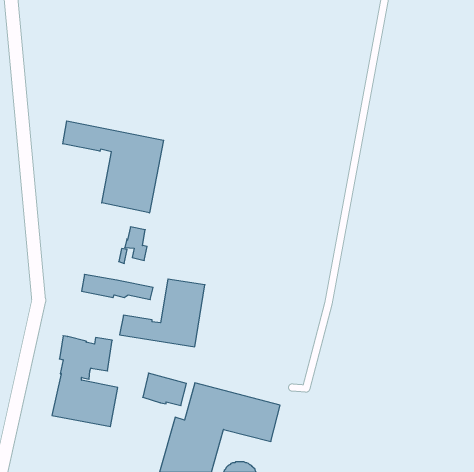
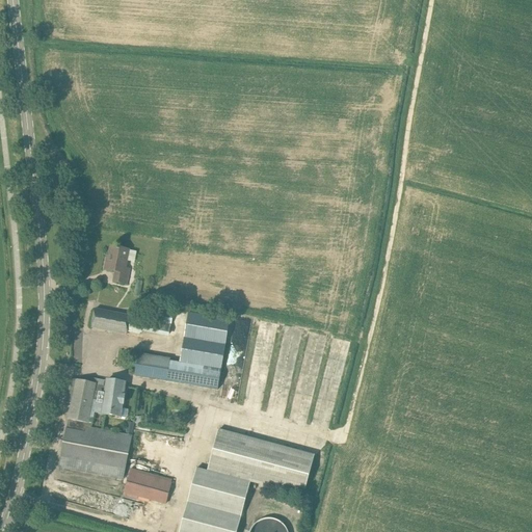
building: [63,121,164,213] -> none
building: [125,227,147,260] -> [105,245,130,283]
building: [143,373,186,406] -> [124,467,172,503]

